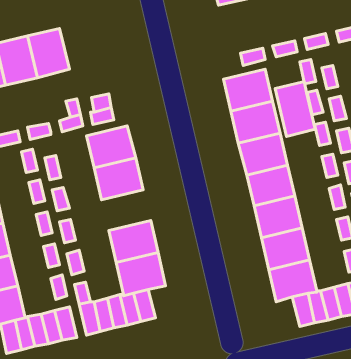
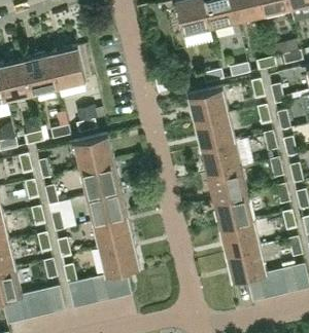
building: none -> [50,46,84,86]
building: [275,81,315,137] -> none
building: none -> [85,187,127,221]

